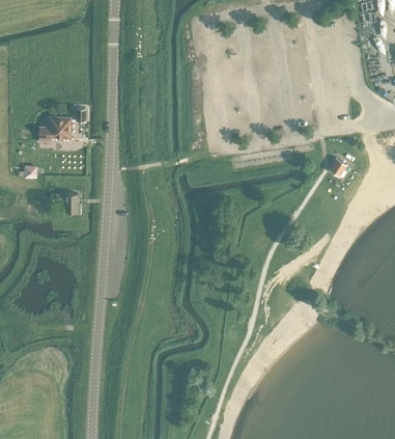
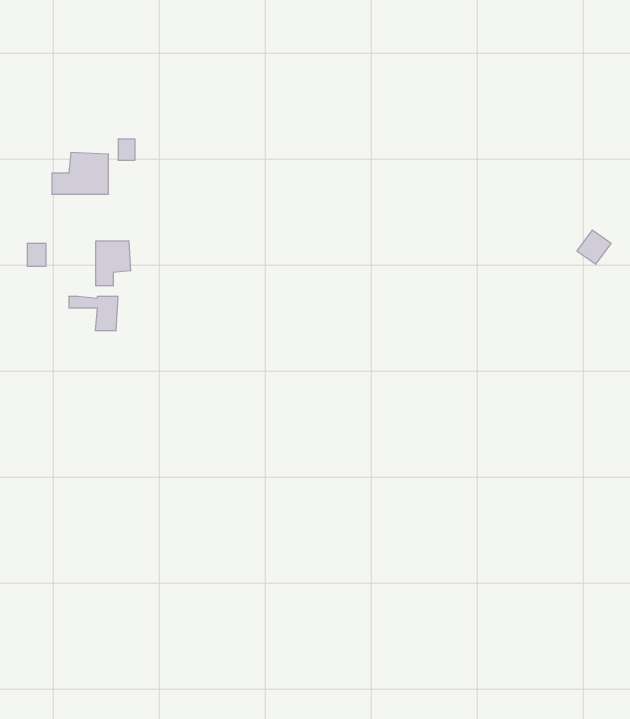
building: none -> [96,241,130,286]

